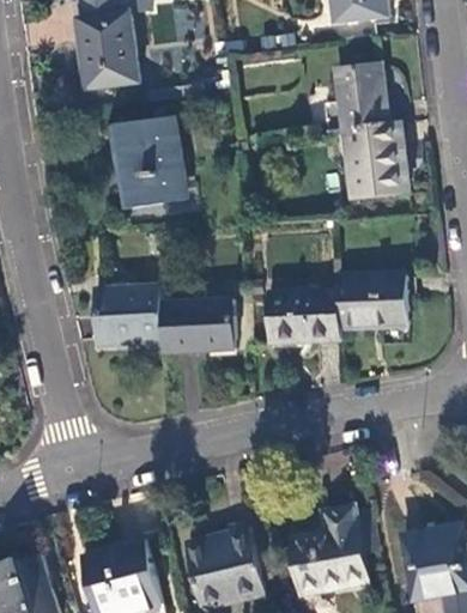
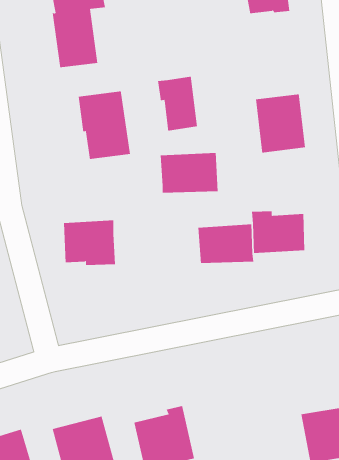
building: [335,68,389,132] -> none
building: none -> [158,76,197,131]
building: [160,302,236,354] -> [160,152,218,193]
building: [292,509,380,590] -> none

